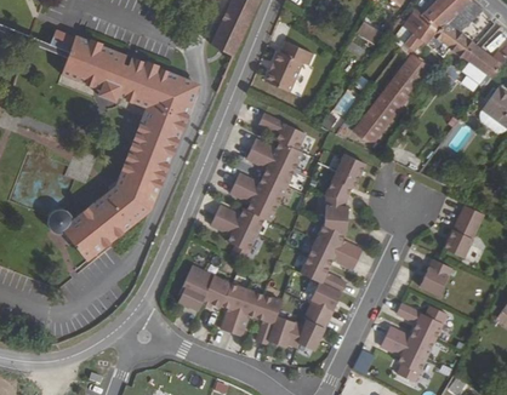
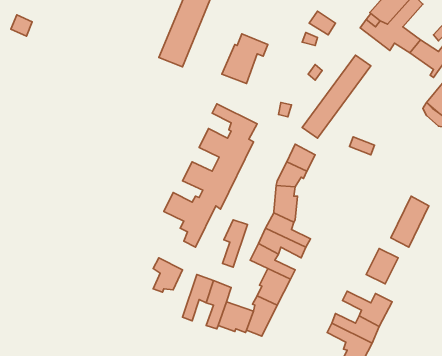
building: [50,34,201,259] -> none
building: [176,262,206,307] -> none
building: [218,281,244,330] -> [223,220,247,267]

